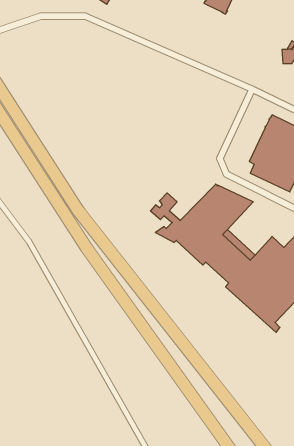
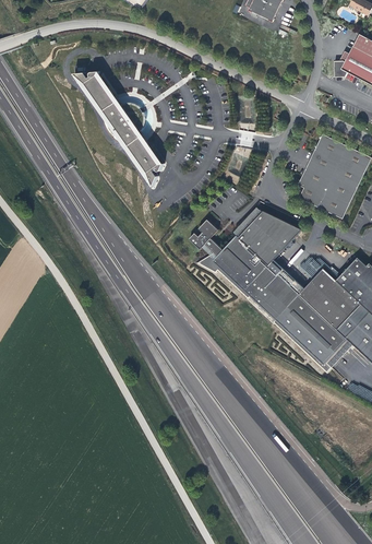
building: none -> [73,70,163,186]

